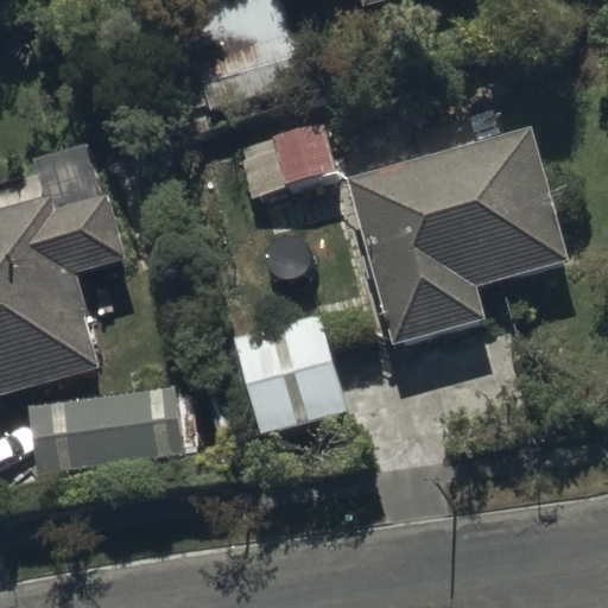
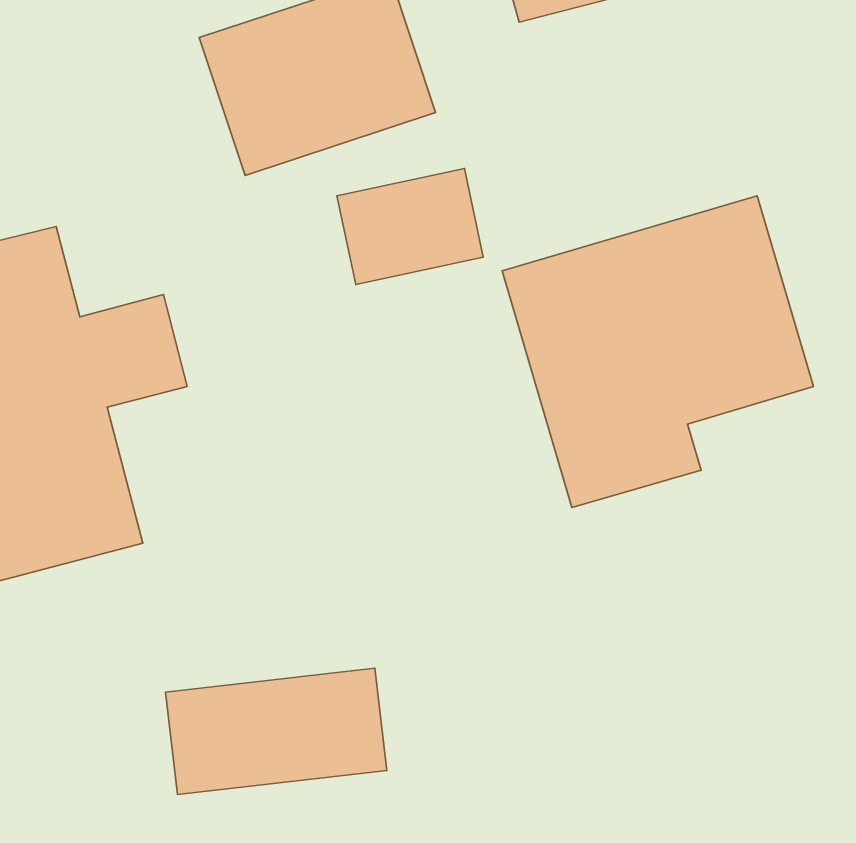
building: [234,321,347,443] -> none
building: [28,392,183,480] -> [166,668,387,794]

